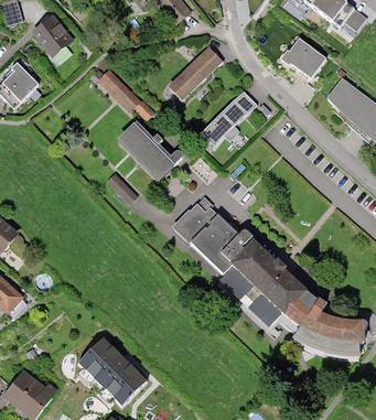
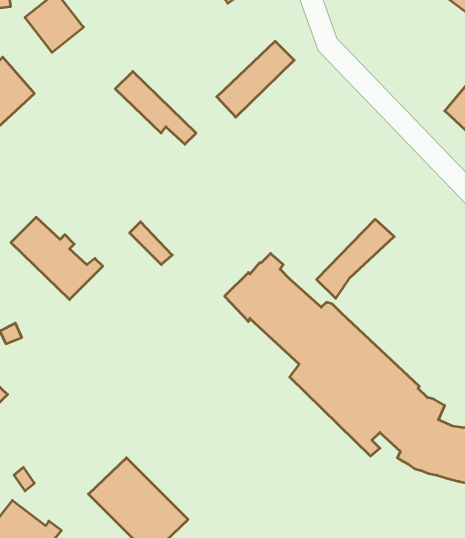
building: [278,41,323,80] -> none
building: [200,94,254,149] -> [317,219,394,298]
building: [116,125,180,182] -> [11,217,103,300]

